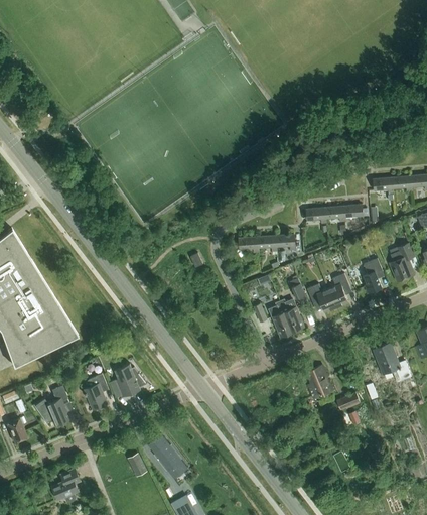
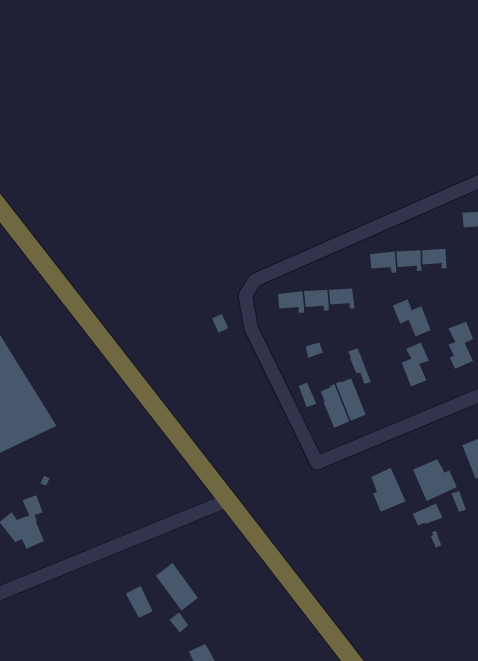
building: [307,284,336,312] -> [392,298,432,337]
building: none -> [412,458,458,502]
building: [115,364,148,398] -> none
building: [85,374,108,410] -> none
building: [52,469,80,502] -> none

